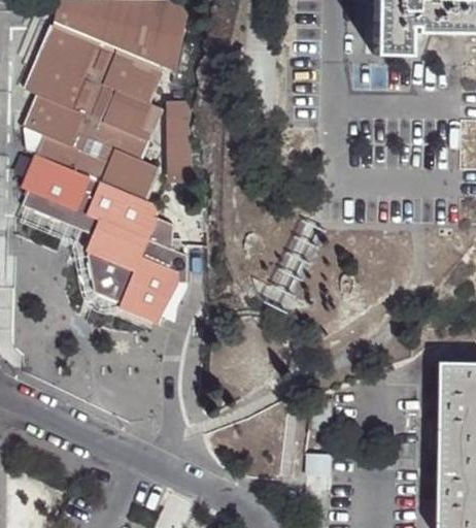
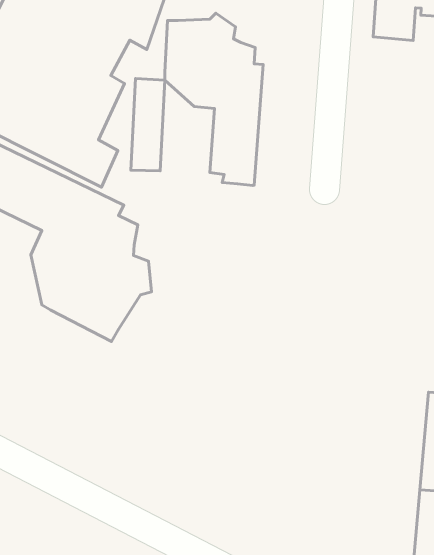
building: none -> [165,13,263,186]

